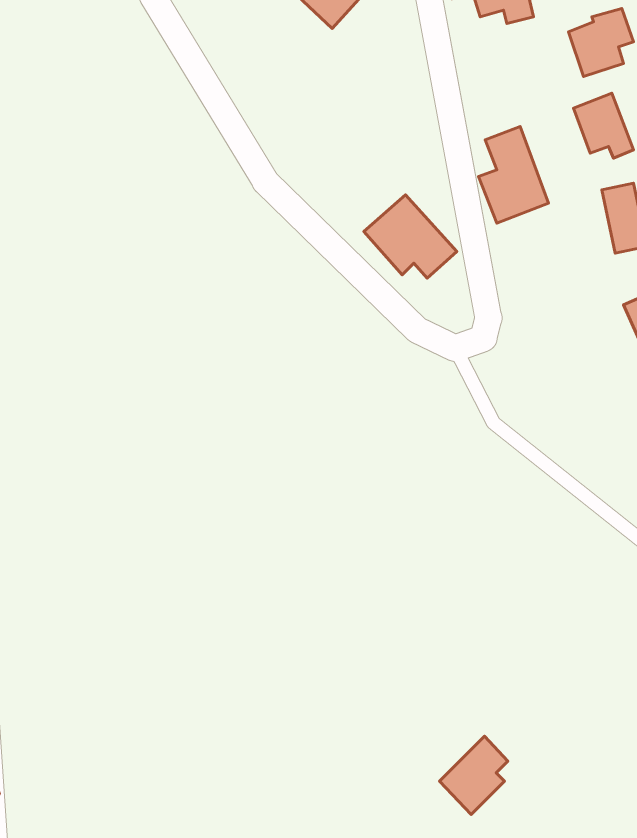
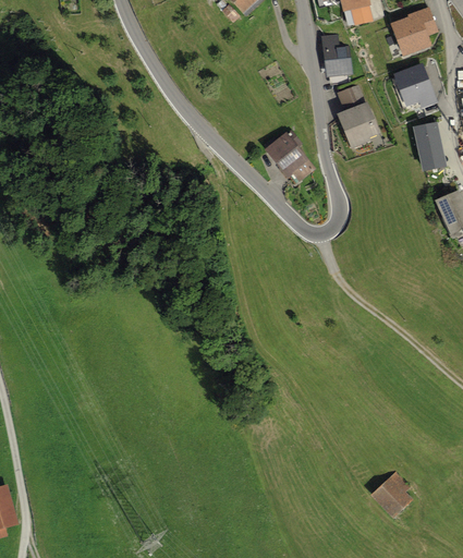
building: none -> [321,37,354,77]
building: [440,736,508,814] -> [367,469,412,520]

